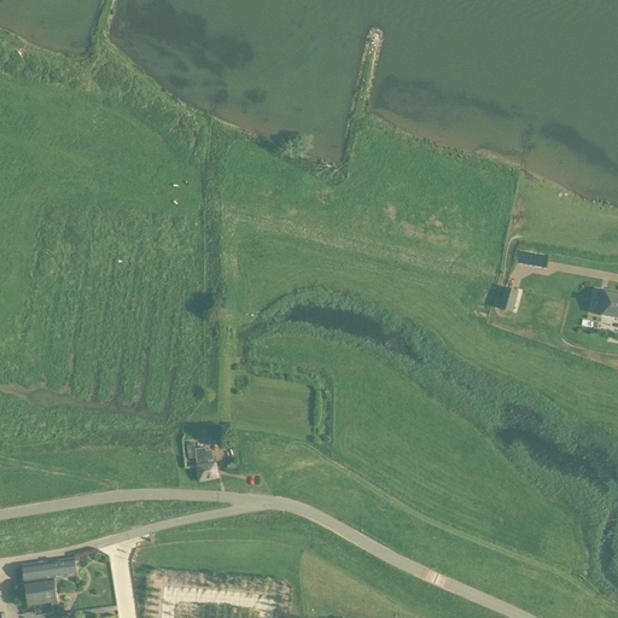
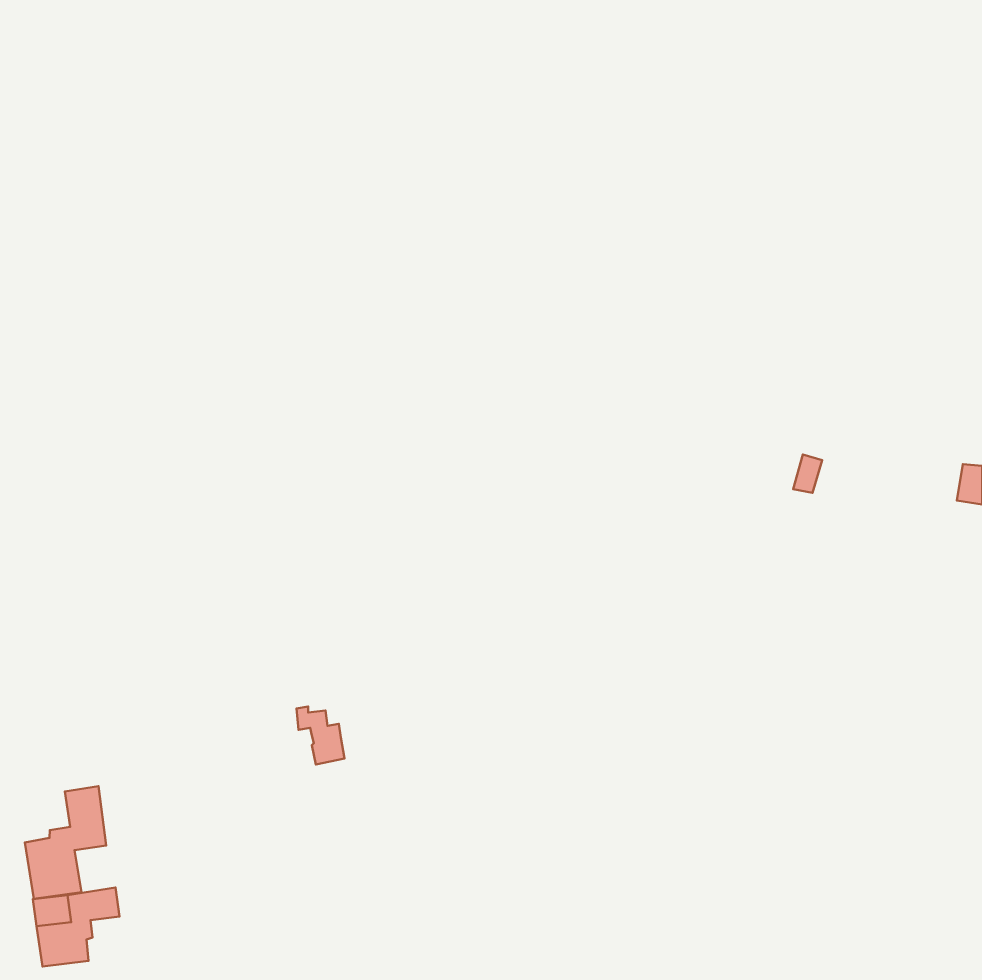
building: none -> [25,786,106,899]

